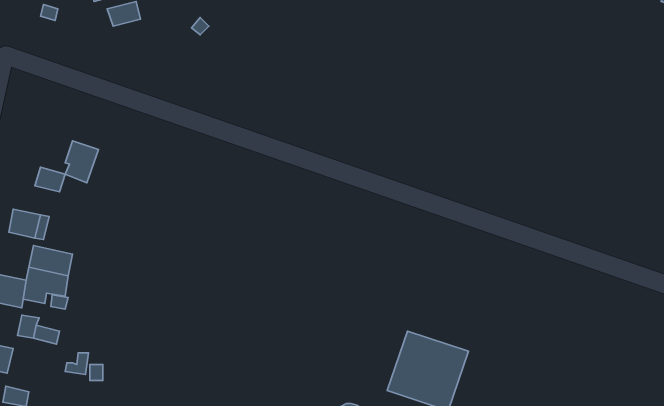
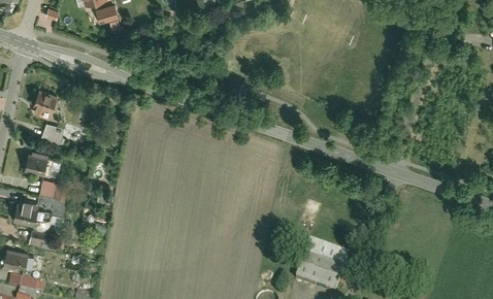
building: [65,141,99,183] -> [33,91,57,121]

